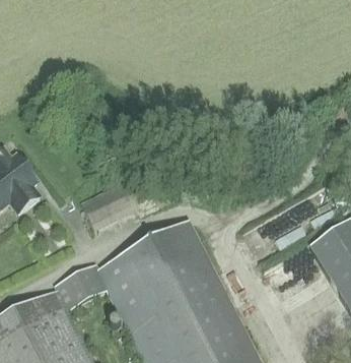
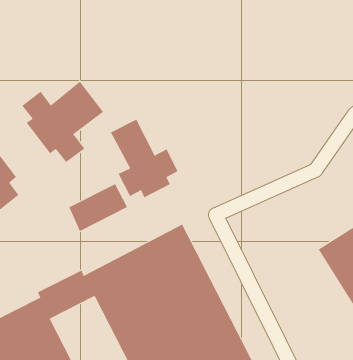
building: none -> [21,81,104,163]
building: none -> [110,119,178,198]

